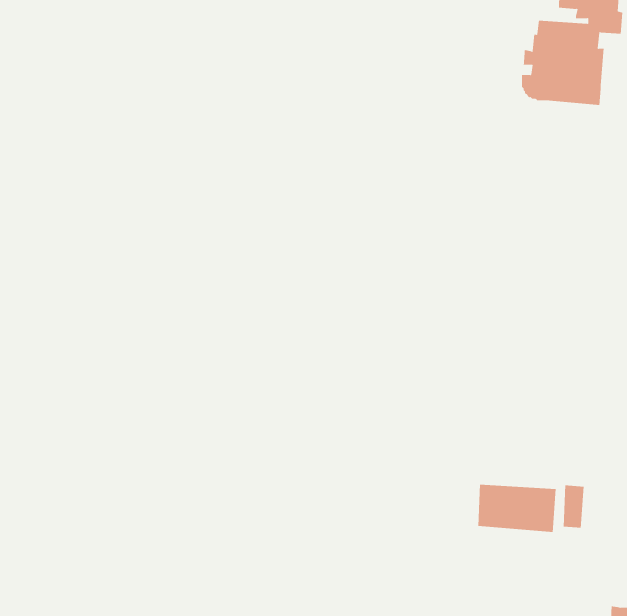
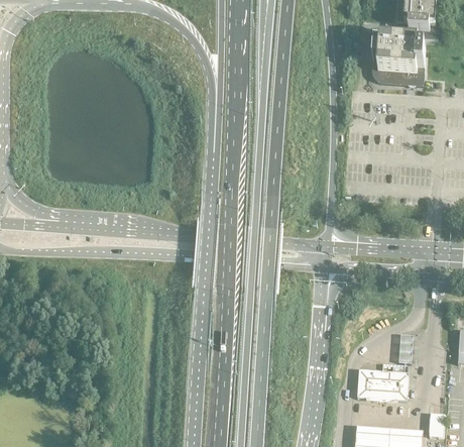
building: [478,484,556,532] -> [356,370,408,402]

